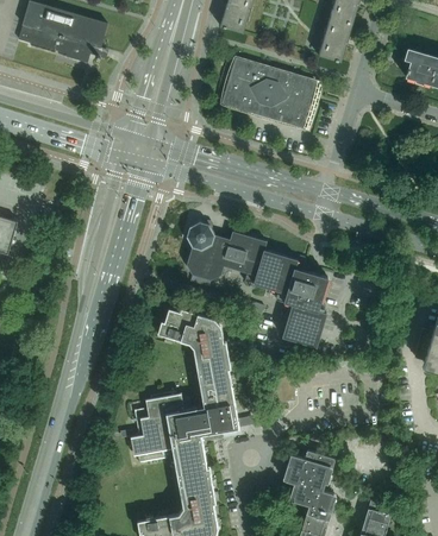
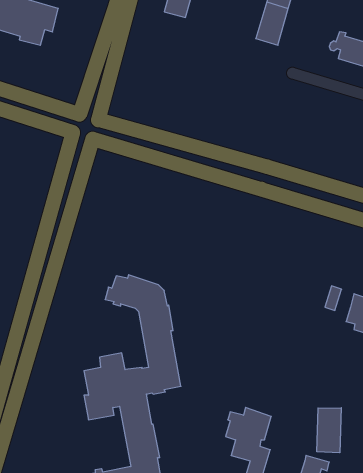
building: [223,58,315,127] -> none
building: [187,221,329,347] -> none
building: none -> [317,408,341,453]

